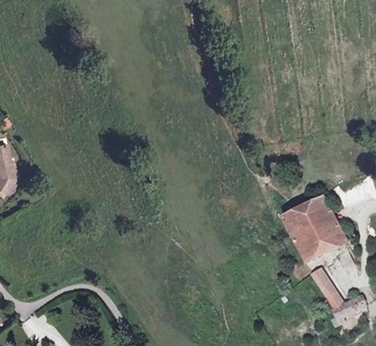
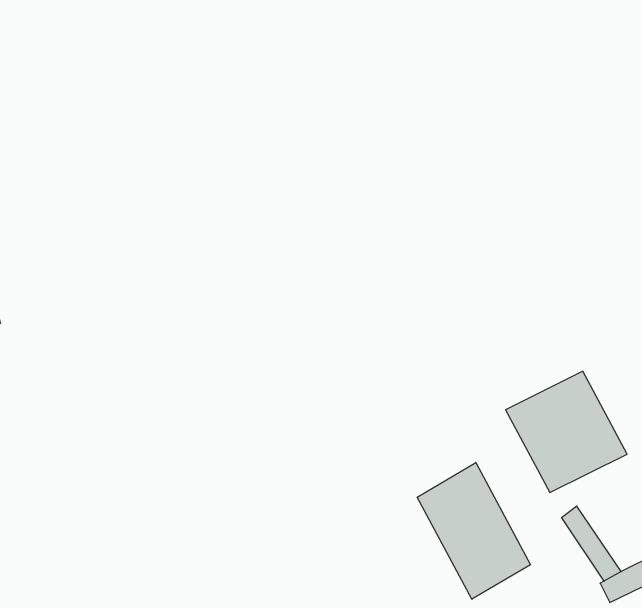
building: none -> [417,462,530,599]

